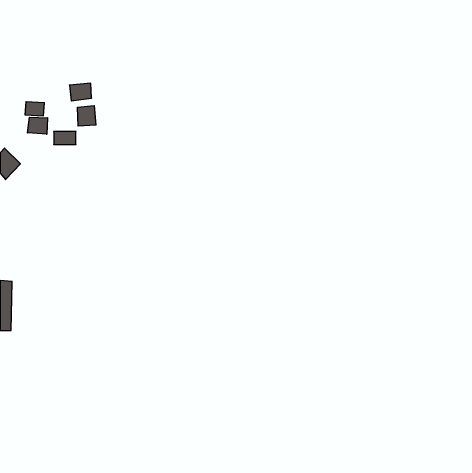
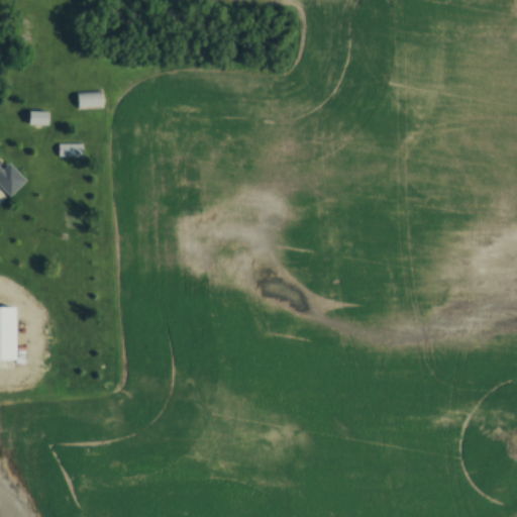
building: [78,106,96,126] -> none
building: [28,117,48,134] -> none

